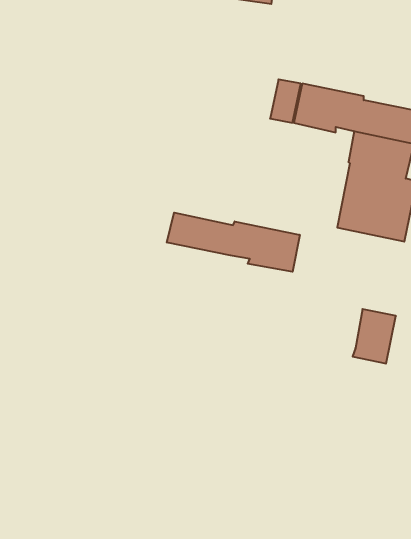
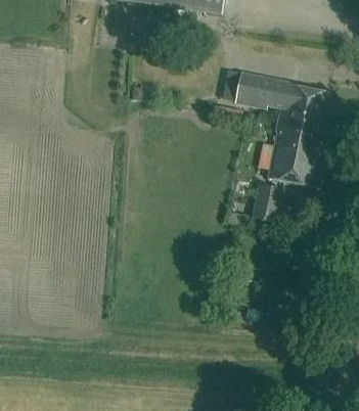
building: [167,213,300,272] -> none
building: [353,309,396,364] -> [251,183,282,223]

